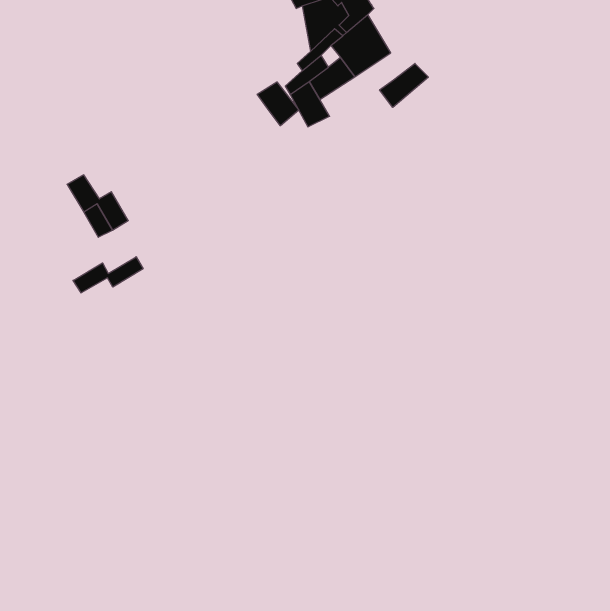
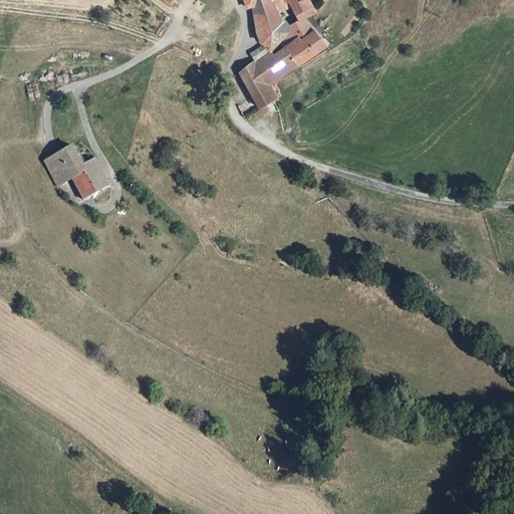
building: [380,63,428,107] -> none
building: [257,82,299,126] -> none
building: none -> [43,155,70,185]
building: [73,257,143,293] -> none

